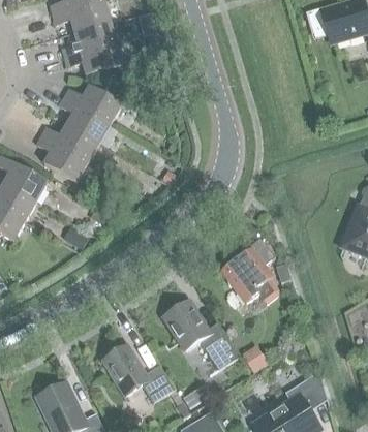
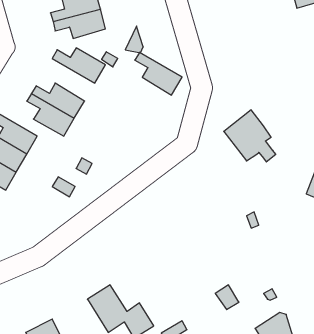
building: [59,97,111,144] -> [135,52,182,95]
building: [220,246,277,303] -> [224,110,276,162]
building: [163,300,239,369] -> none

